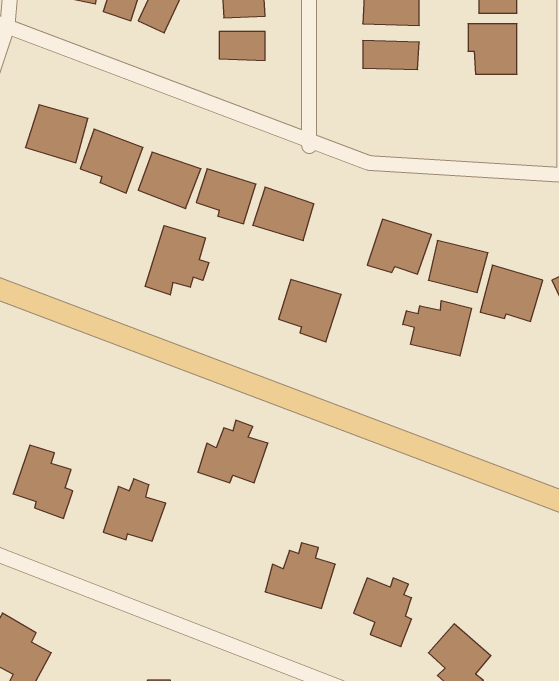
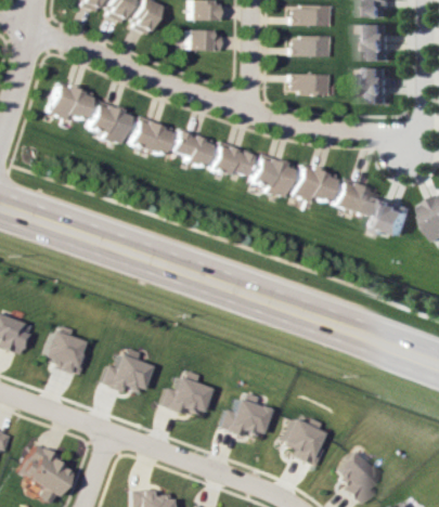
building: none -> [361,67,396,104]
building: none -> [287,74,328,95]
building: [145,226,209,295] -> none
building: [279,279,341,342] -> [250,154,295,198]
building: [403,301,471,356] -> none
building: [198,420,268,483] -> [158,370,208,415]

